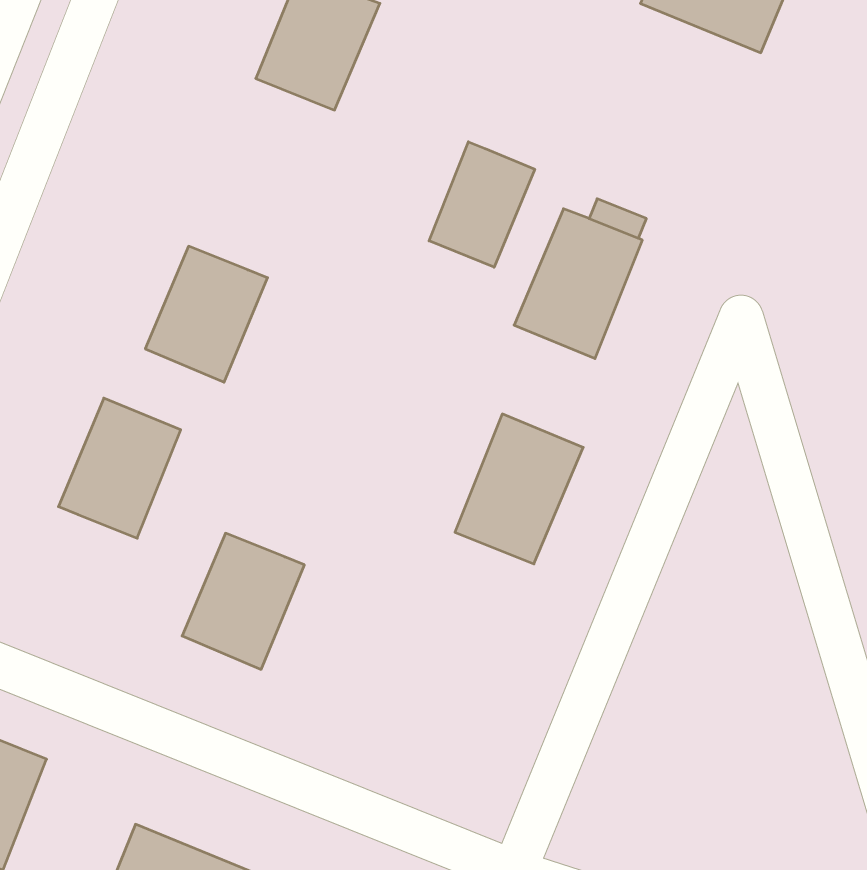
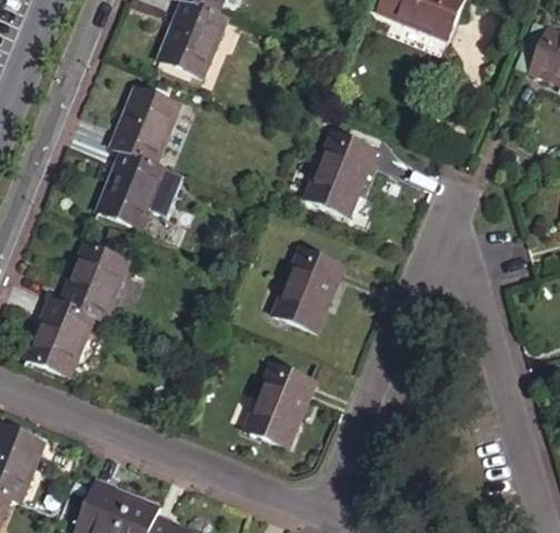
building: none -> [112,87,182,167]
building: [429,142,535,267] -> none
building: [182,533,304,669] -> [37,304,106,381]
building: none -> [243,362,316,446]

